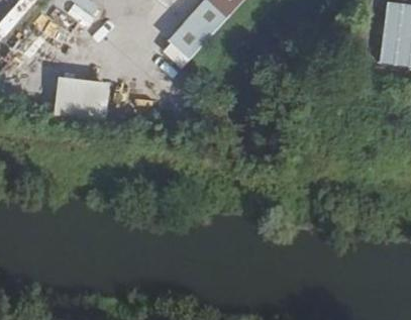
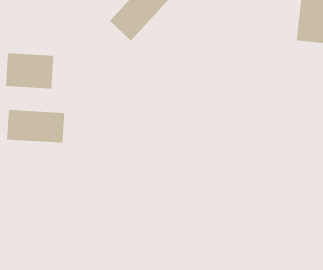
building: none -> [6,109,65,143]

